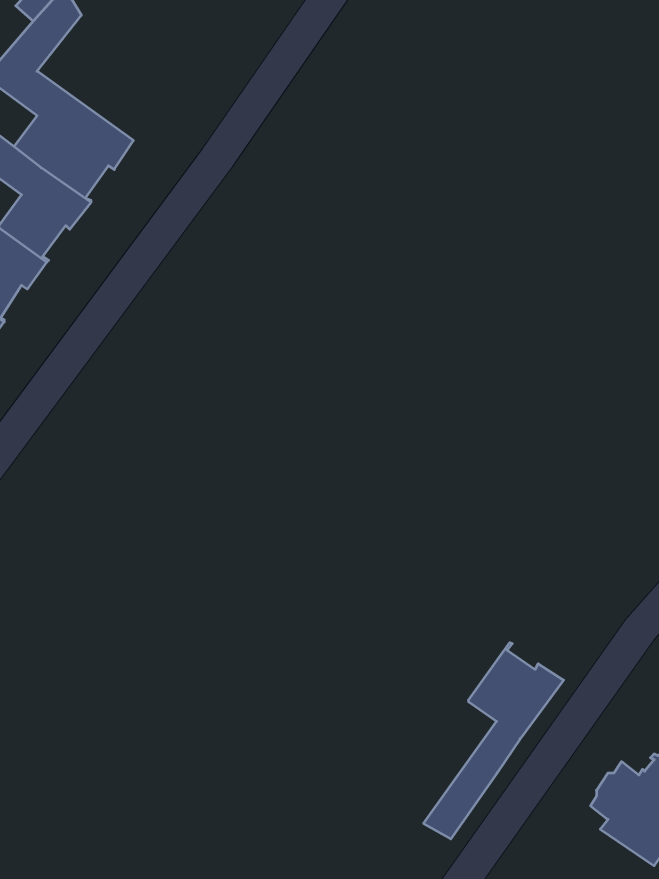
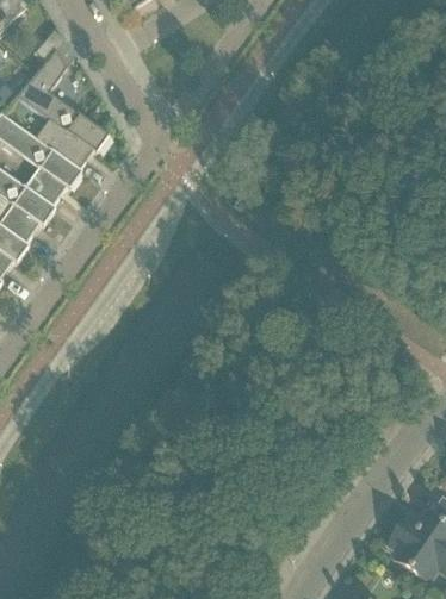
building: [424,643,564,839] -> none

